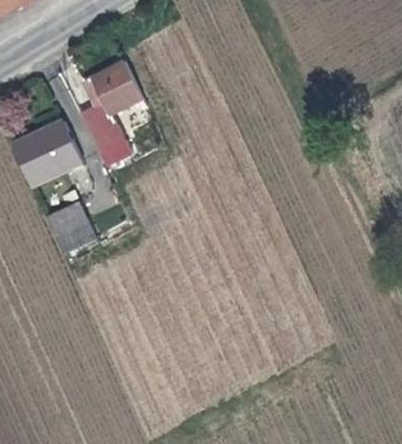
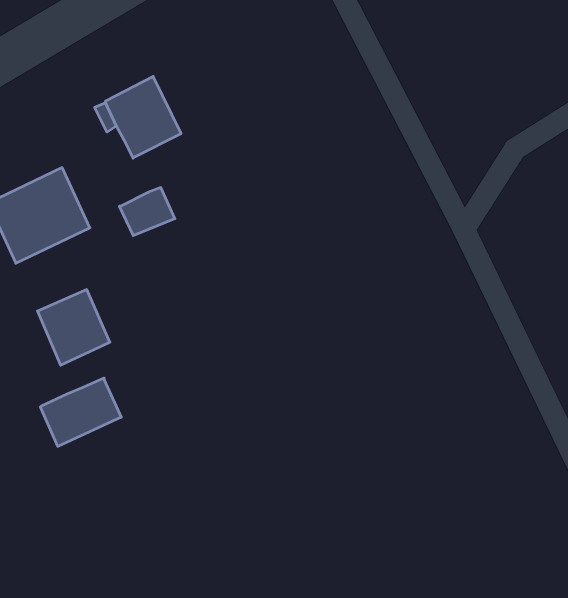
building: [84,102,120,147] -> none
building: none -> [40,378,121,446]

